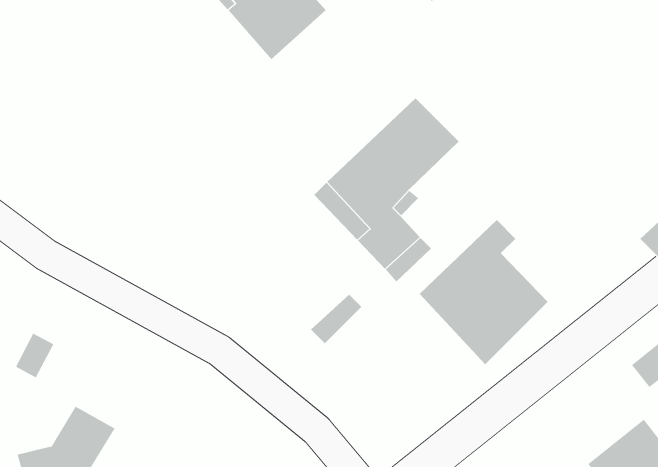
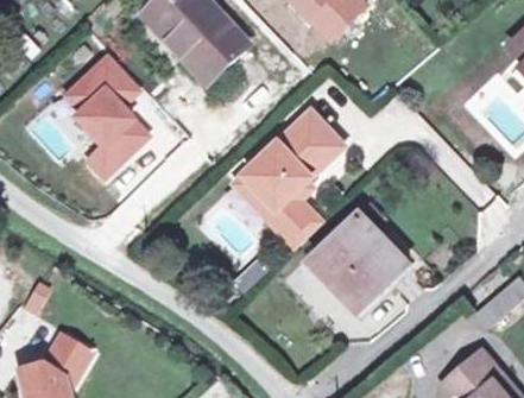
building: none -> [68,55,149,175]

